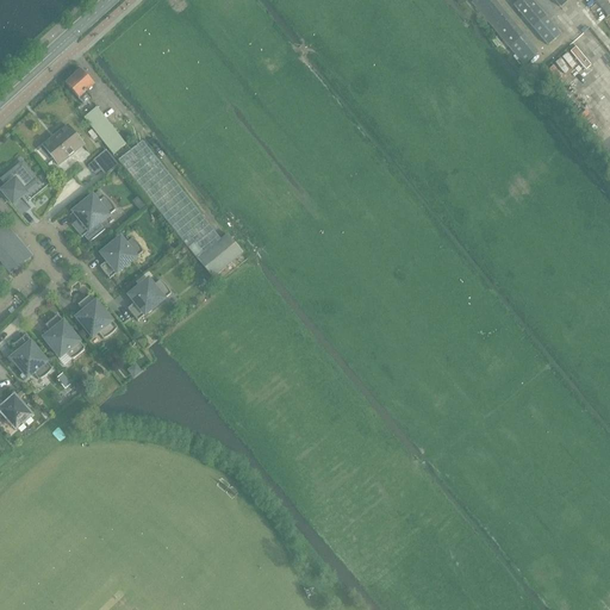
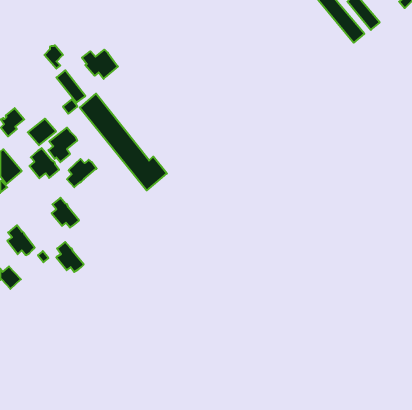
building: none -> [82,50,118,79]
building: [42,123,83,162] -> [28,119,56,145]
building: none -> [29,148,59,178]
building: [127,278,170,318] -> none
building: [44,312,85,356] -> [56,242,84,272]

